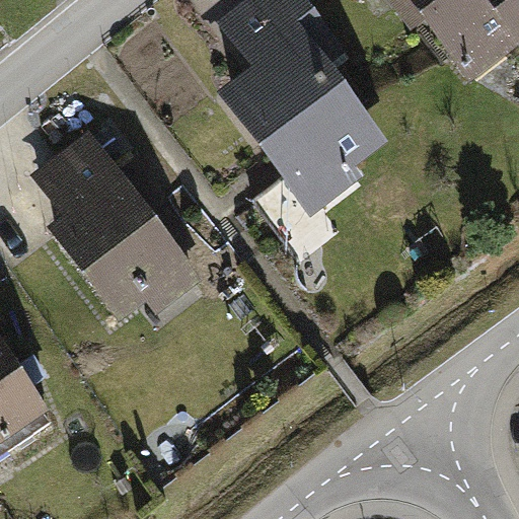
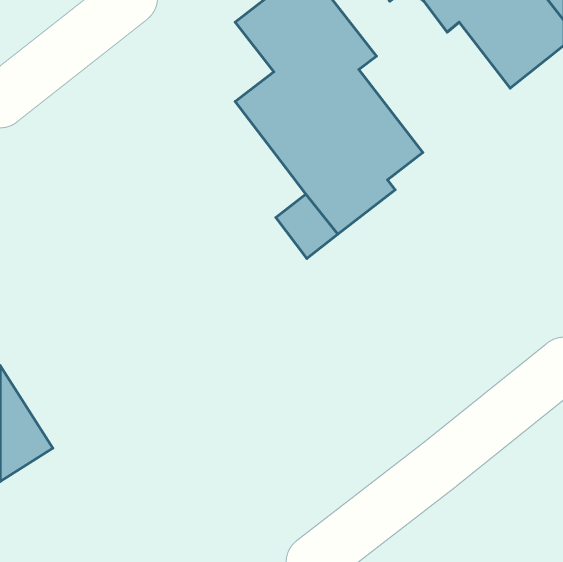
building: [30,130,202,319] -> none

